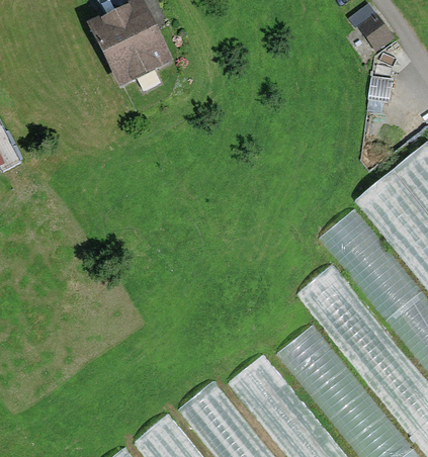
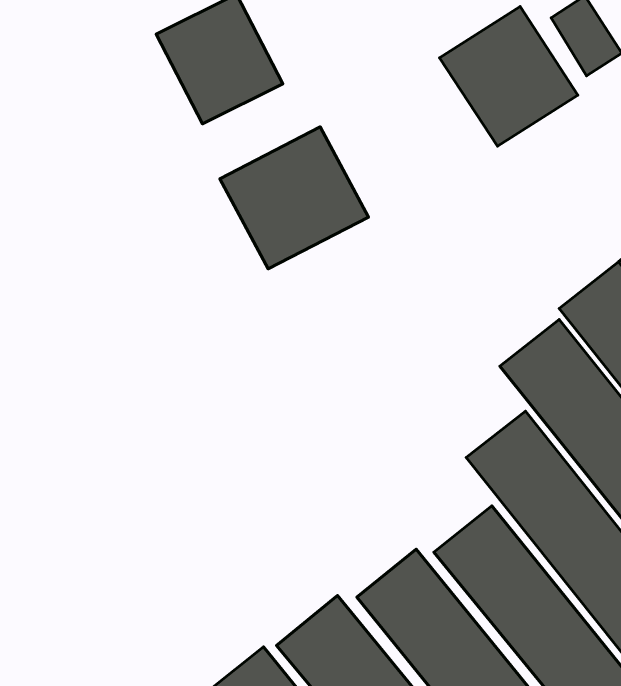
building: none -> [440,7,578,146]
building: none -> [220,127,368,269]

